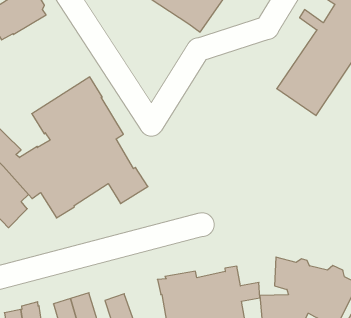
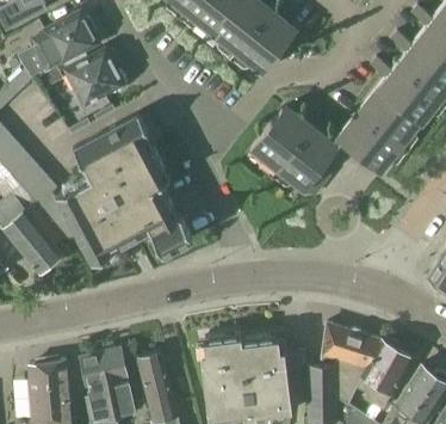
building: none -> [52,50,124,133]
building: none -> [250,109,335,197]

